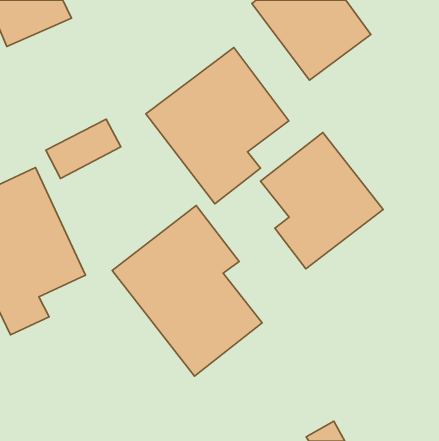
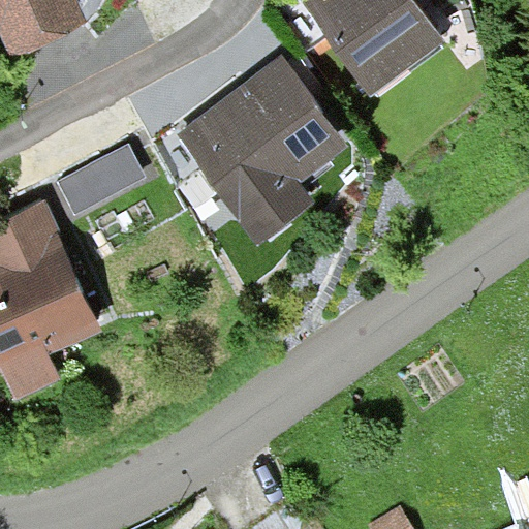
building: [261,132,383,269] -> none
building: [112,206,262,376] -> none

